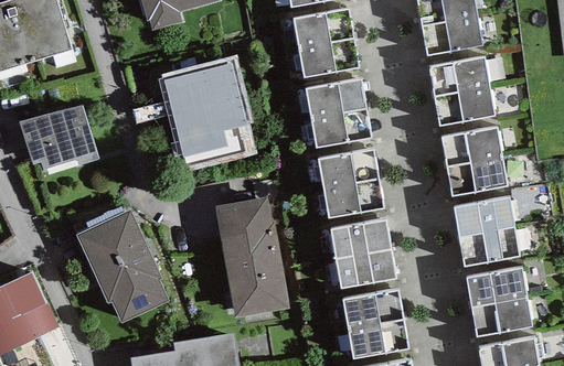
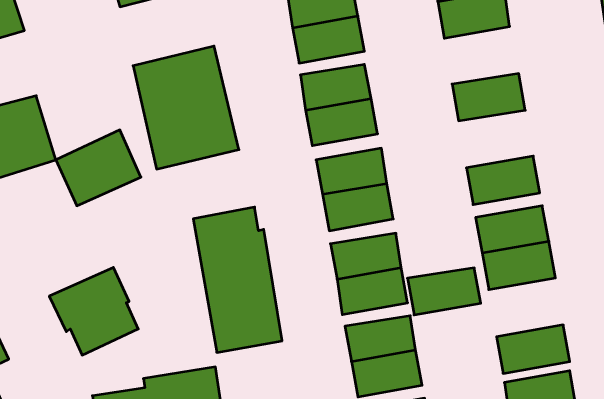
building: [427,54,489,94] -> none
building: [440,125,501,164] -> none
building: [75,208,147,272] -> [56,130,141,206]
building: [465,267,526,306] -> [407,268,481,315]

